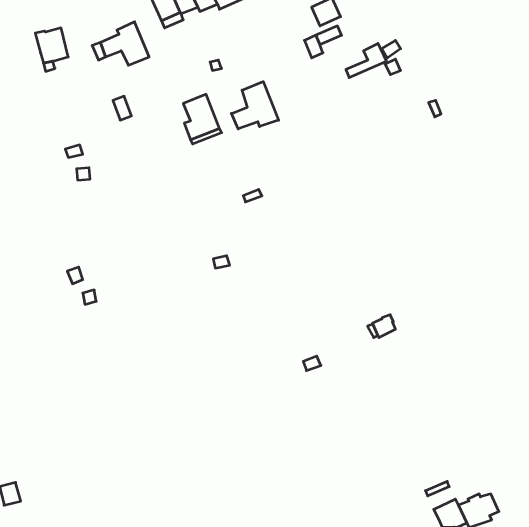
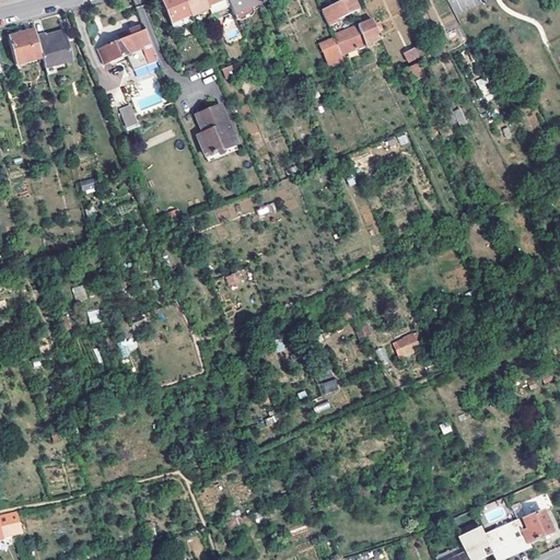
building: none -> [9,28,43,63]
building: [346,43,386,78] -> [338,20,381,56]
building: [231,82,279,129] -> none
building: none -> [518,510,552,542]

